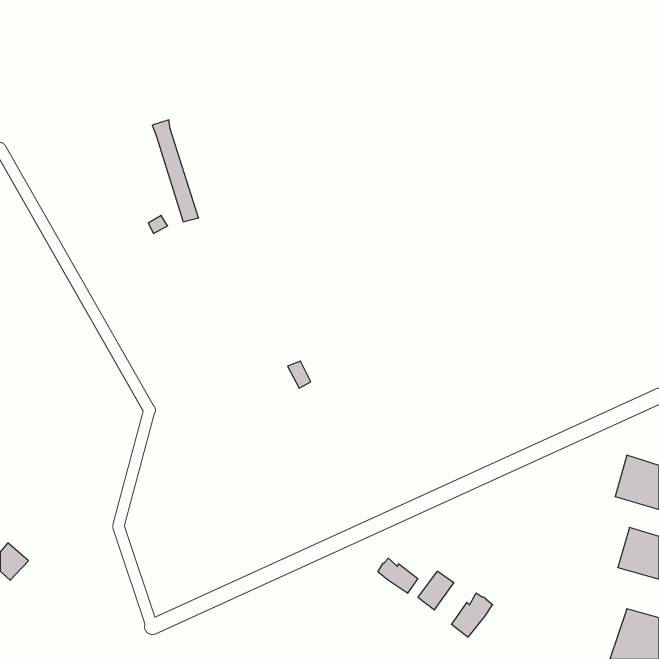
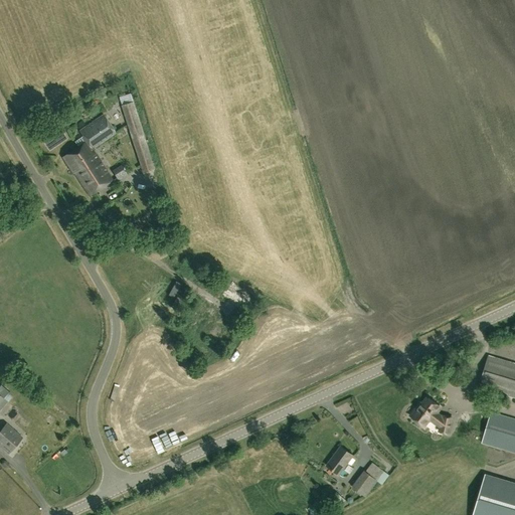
building: none -> [62,116,115,195]
building: none -> [409,396,454,434]
building: [378,558,418,593] -> none

